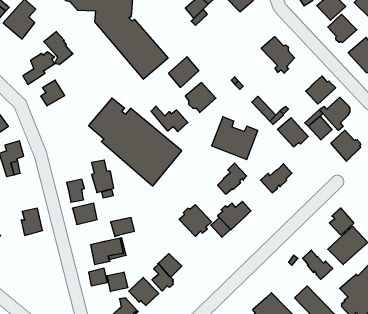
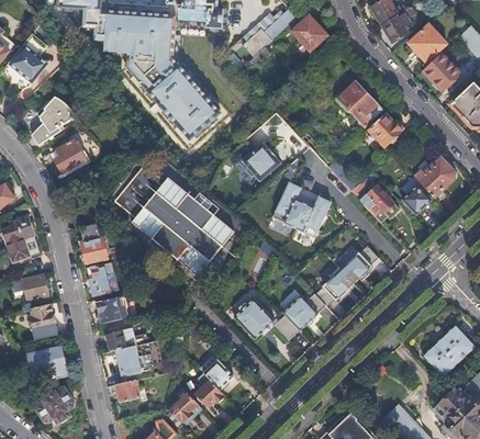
building: [44,31,73,65] -> none
building: [169,57,199,87] -> none
building: [306,76,336,104] -> [365,112,403,148]
building: [151,106,188,132] -> none
building: [331,130,361,161] -> none
building: [92,160,114,193] -> [79,223,108,264]
building: [218,163,247,194] -> [315,266,353,305]
building: none -> [23,272,48,299]
building: [329,208,354,235] -> none
building: [111,218,134,236] -> [105,327,136,351]
building: none -> [30,345,66,379]
building: [303,250,333,279] -> none
building: [107,272,128,292] -> none
building: none -> [34,385,74,423]

